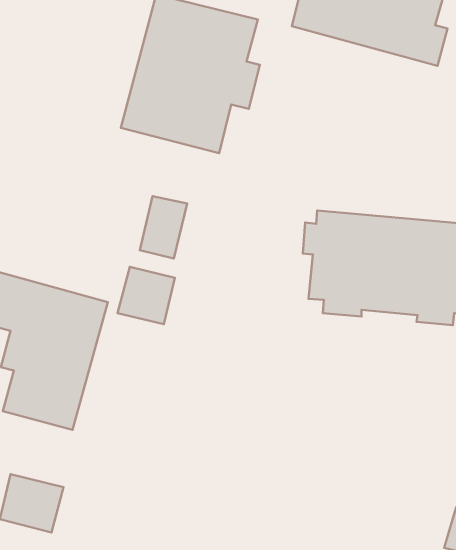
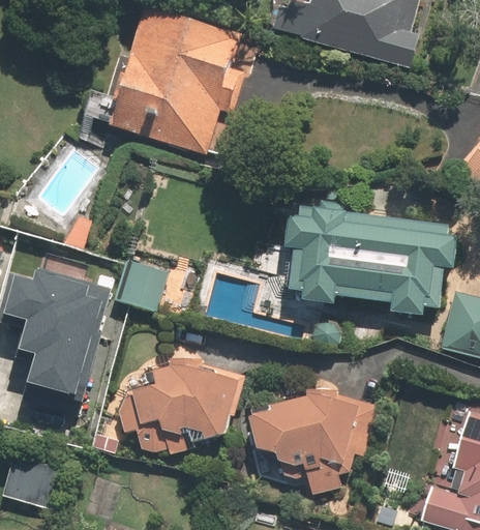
building: [140,196,187,259] -> none
building: none -> [111,353,242,449]
building: none -> [249,386,377,493]

